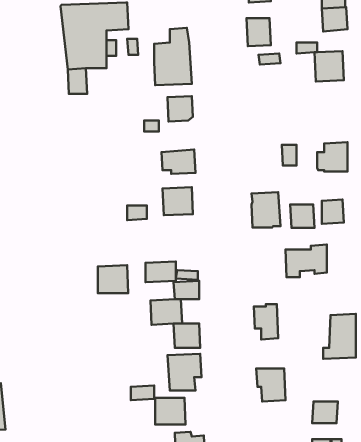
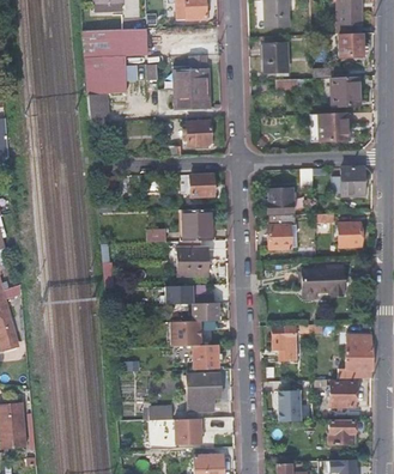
building: none -> [313,113,351,140]
building: [290,205,314,228] -> [269,192,293,214]
building: [98,265,128,293] -> [177,248,207,275]
building: none -> [332,382,356,407]

